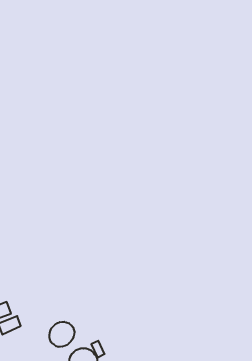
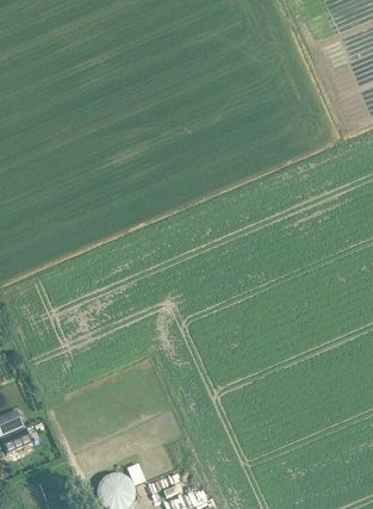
building: [49,322,74,347] -> none

